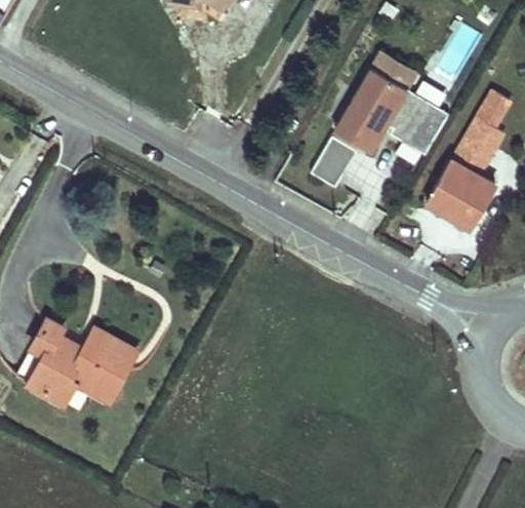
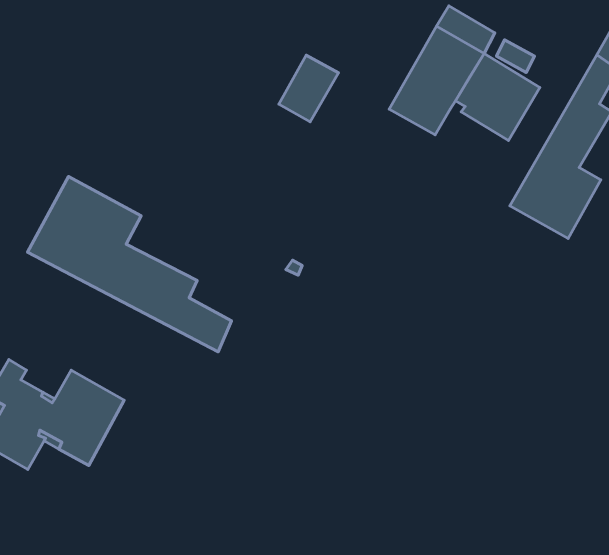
building: [312,136,357,187] -> [279,55,339,122]
building: none -> [28,176,232,352]

